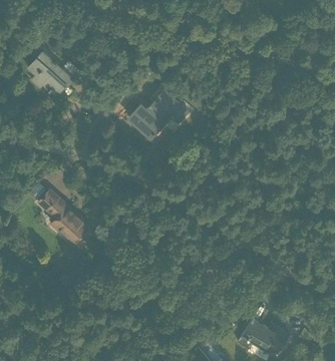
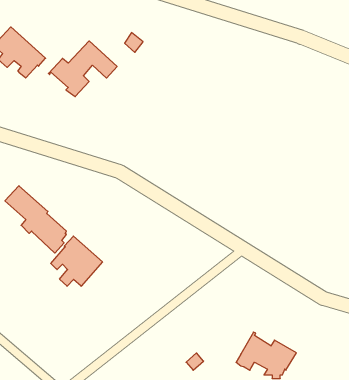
building: [127,89,187,137] -> [48,41,117,97]
building: none -> [51,236,102,286]

